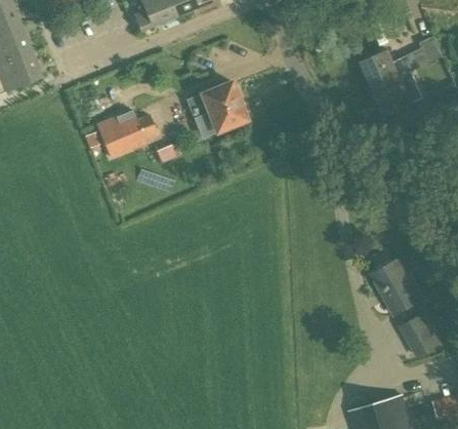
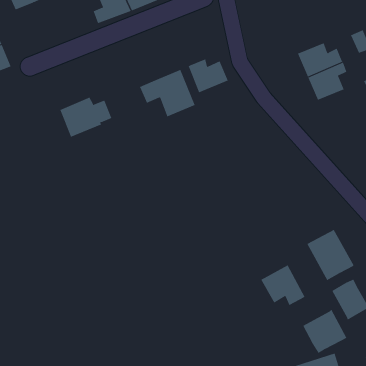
building: none -> [188,59,229,93]
building: none -> [261,265,306,306]
building: none -> [303,309,347,354]

